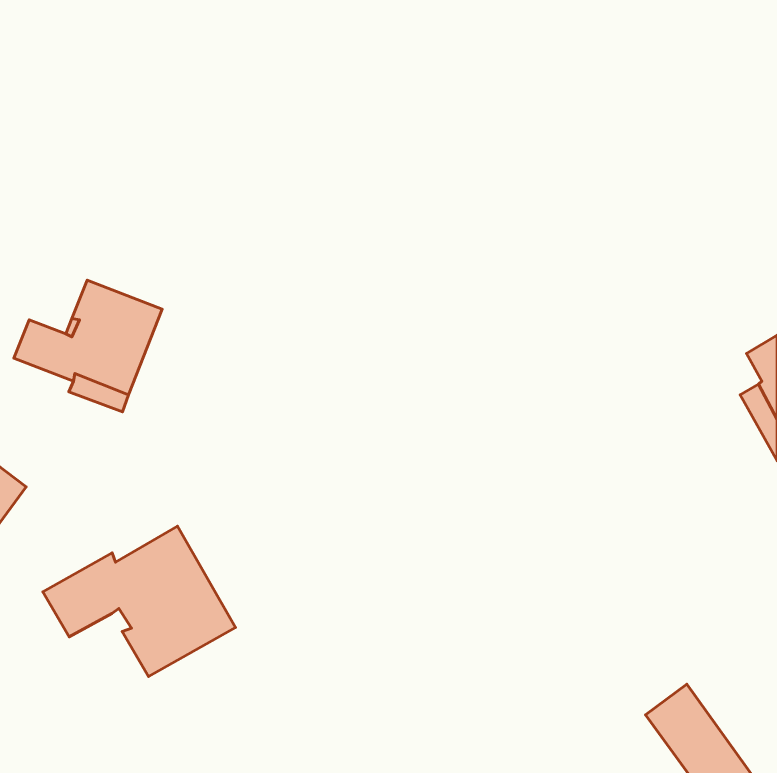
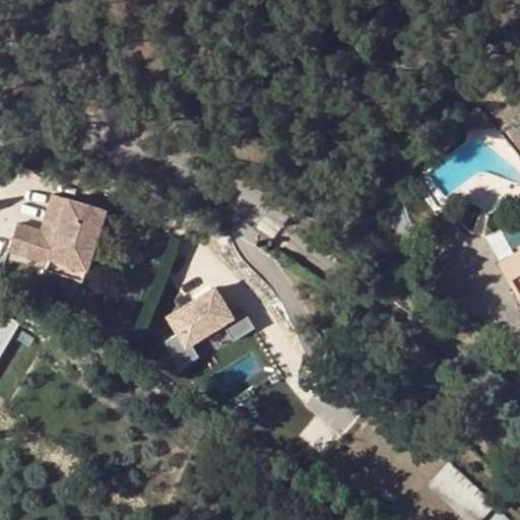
building: none -> [159,292,258,375]
building: [43,526,235,677] -> none

